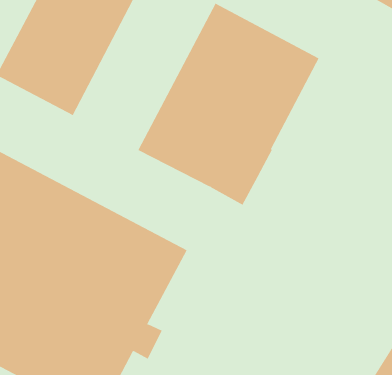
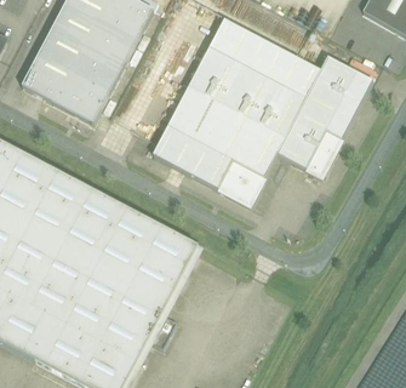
building: none -> [278,56,374,176]

